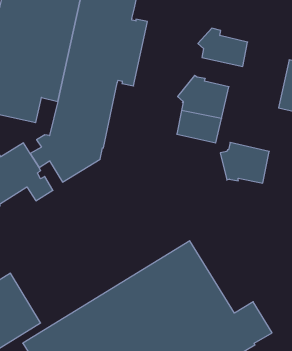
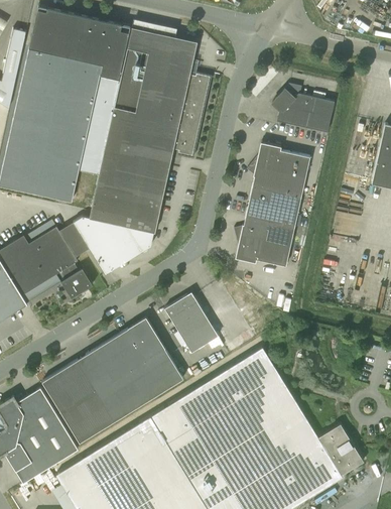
building: [220,142,269,183] -> [234,216,294,266]
building: none -> [164,292,218,353]
building: none -> [42,320,183,442]

